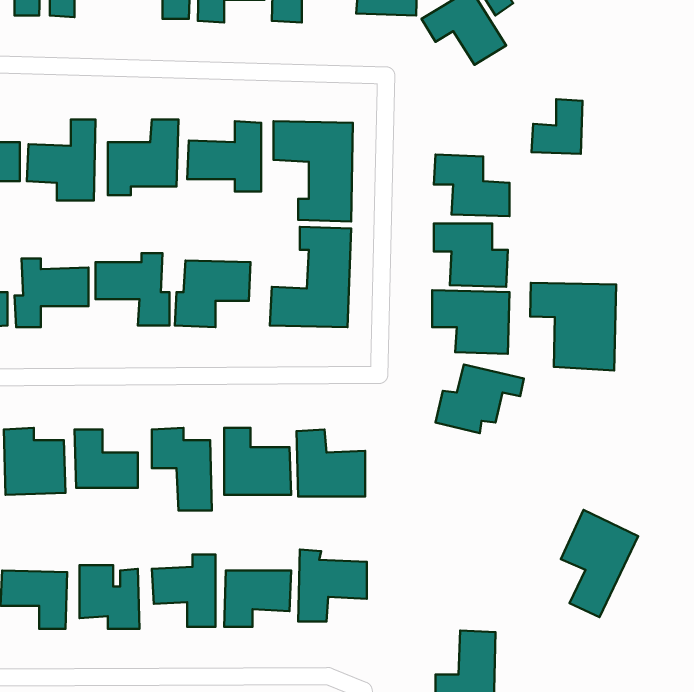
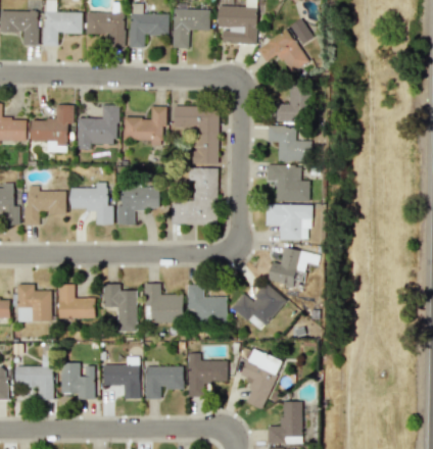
building: [531,99,582,154] -> [274,89,303,120]
building: [530,283,616,371] -> none
building: none -> [231,282,285,331]
building: [561,510,638,617] -> [238,347,283,409]

